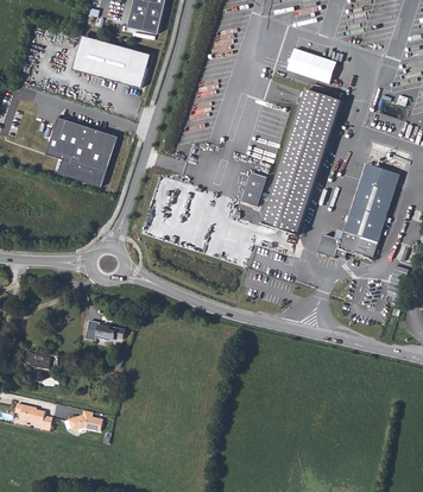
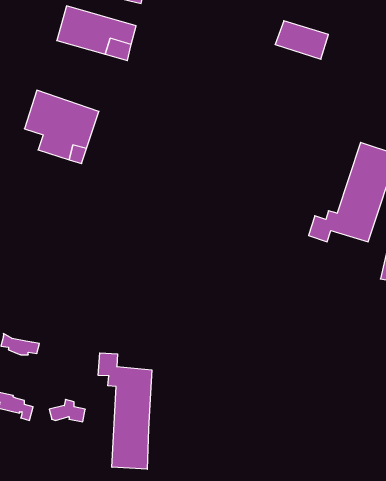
building: [259,89,342,236] -> none
building: [240,172,266,208] -> none
building: [87,318,125,340] -> none
building: none -> [98,353,152,469]

